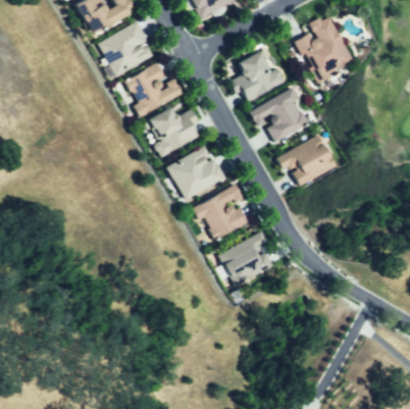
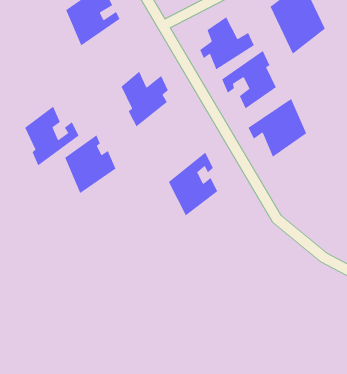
building: [129,59,183,118] -> [24,105,80,166]
building: [174,143,225,201] -> [64,134,117,194]
building: [223,229,271,288] -> none

